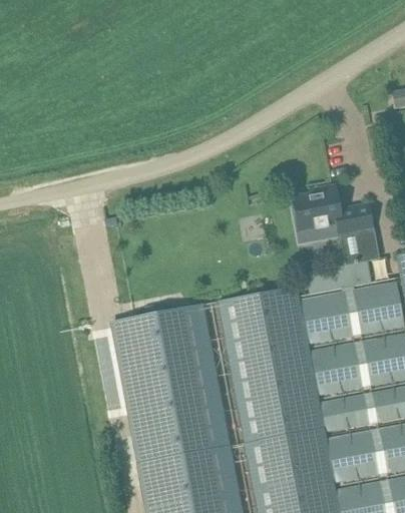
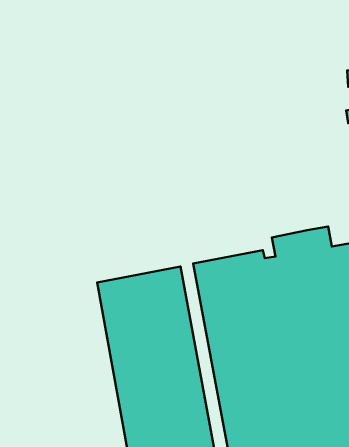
building: [292,188,380,267] -> none

